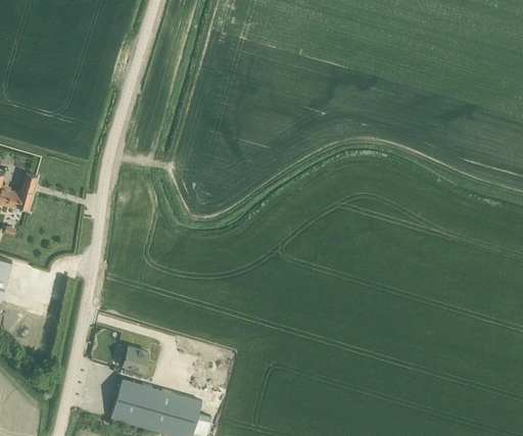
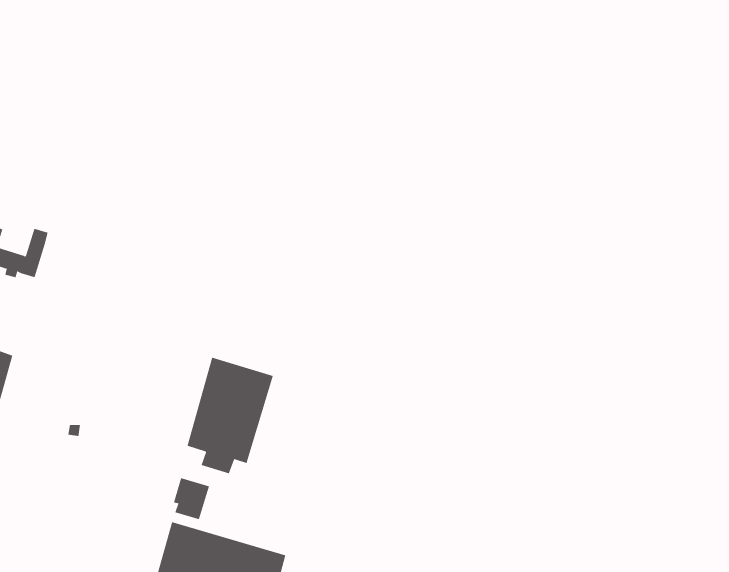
building: none -> [187,357,274,474]

